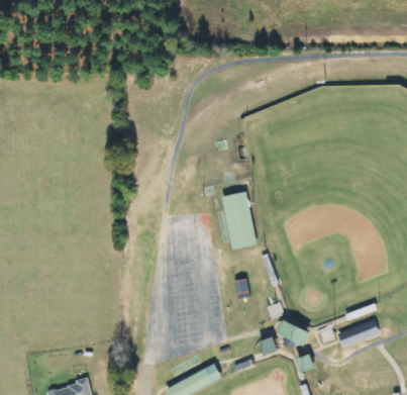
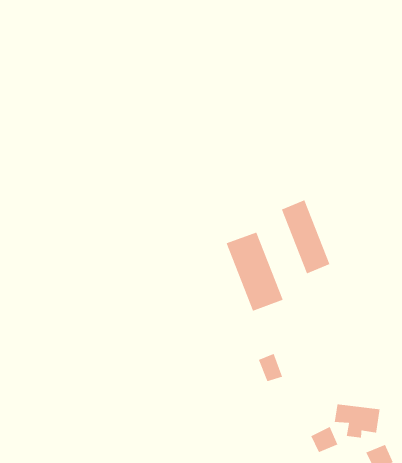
building: none -> [281,199,330,274]

